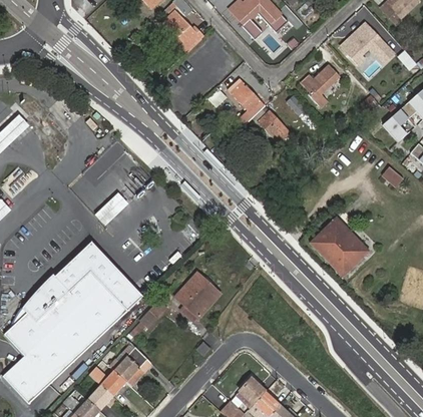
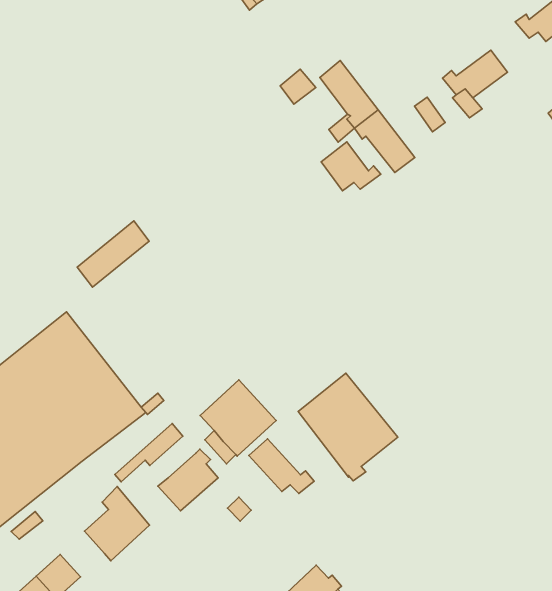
building: none -> [321,142,381,191]
building: [309,217,369,280] -> [298,373,398,481]
building: none -> [249,439,314,493]
building: none -> [158,449,218,511]
building: [100,369,126,396] -> none

